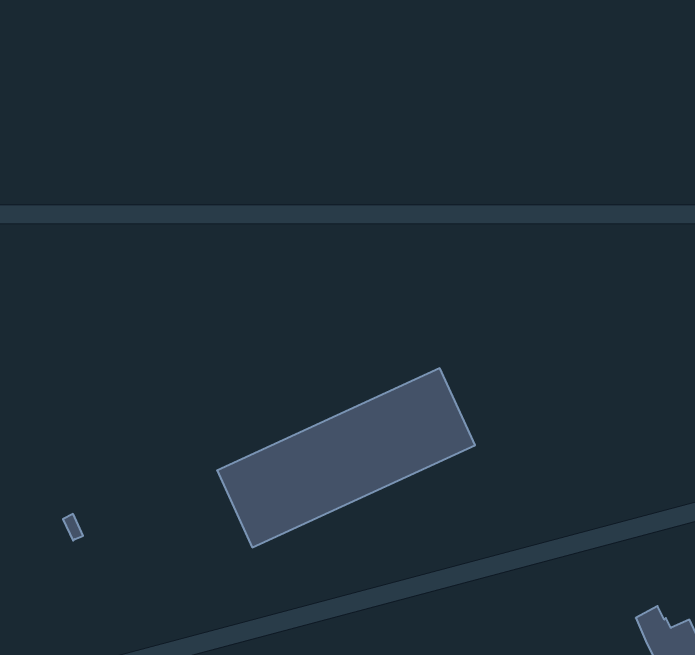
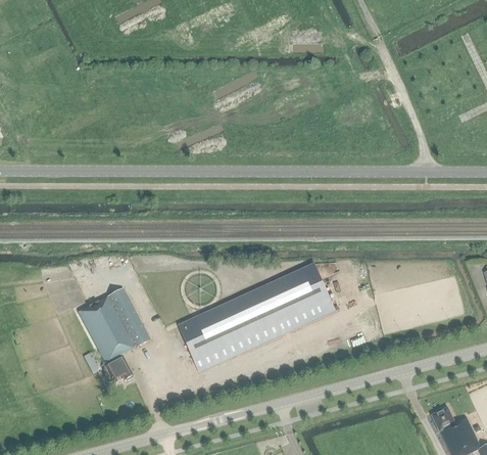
building: none -> [79,288,148,382]

